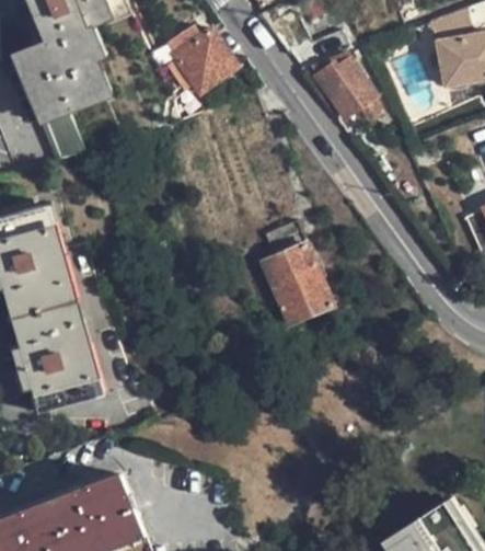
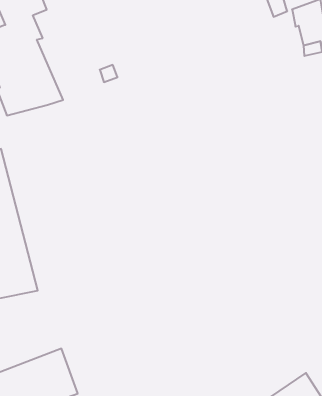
building: [165,25,239,93] -> none
building: [312,50,382,118] -> none
building: [264,244,333,323] -> none

